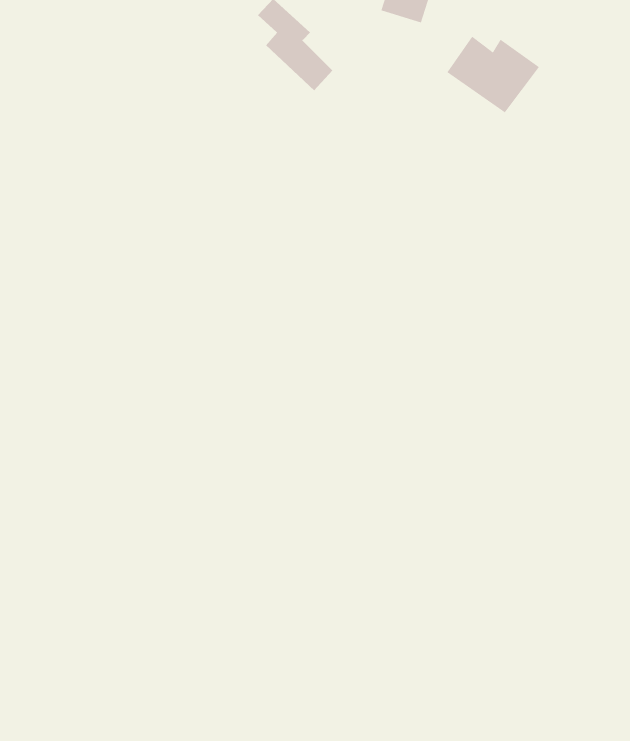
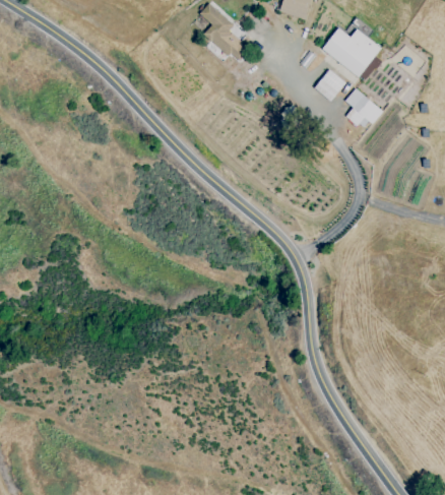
building: none -> [314,69,345,101]
building: none -> [344,87,381,130]

